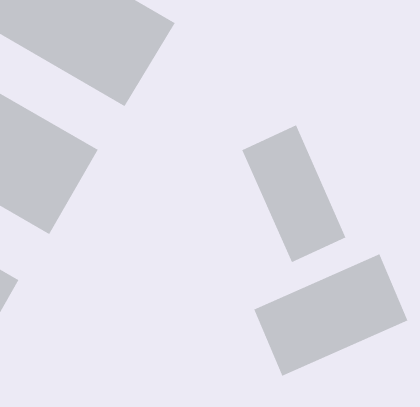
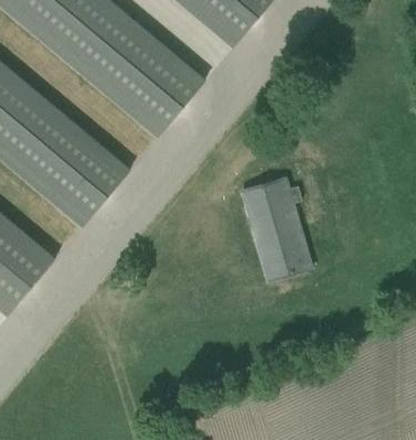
building: [253,253,408,377] -> none

